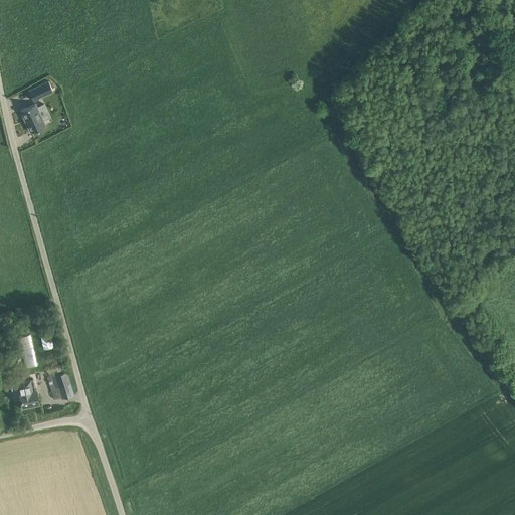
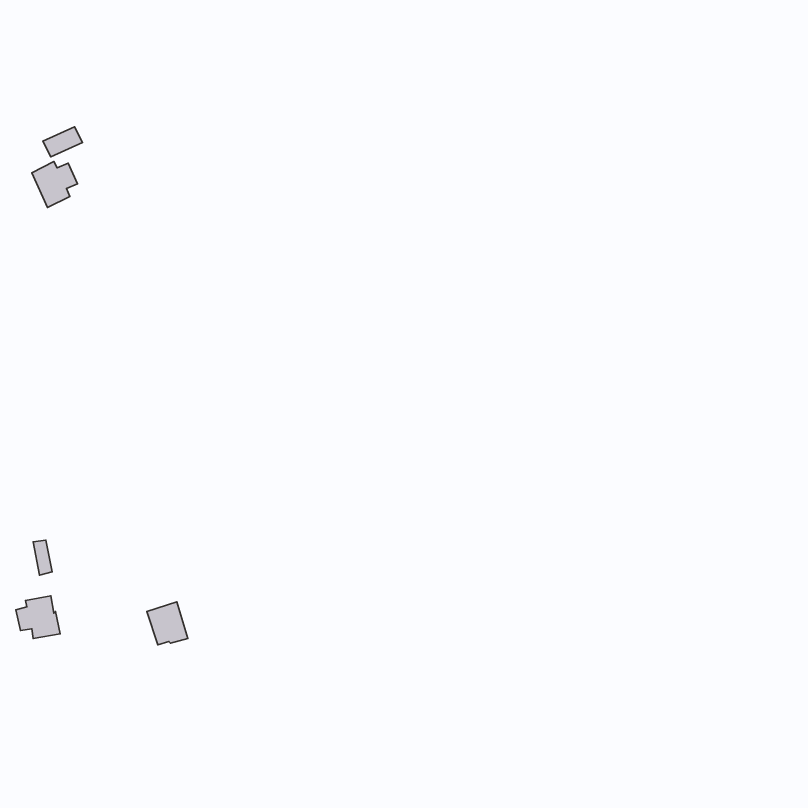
building: [46,372,72,399] -> [147,602,188,645]

